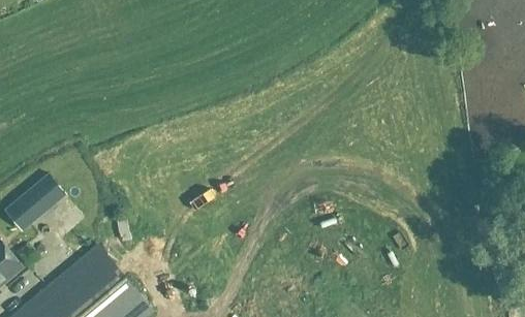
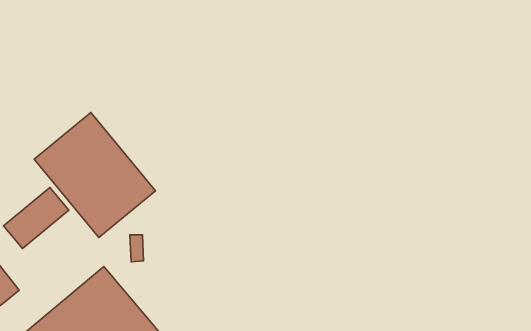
building: none -> [34,113,156,237]

